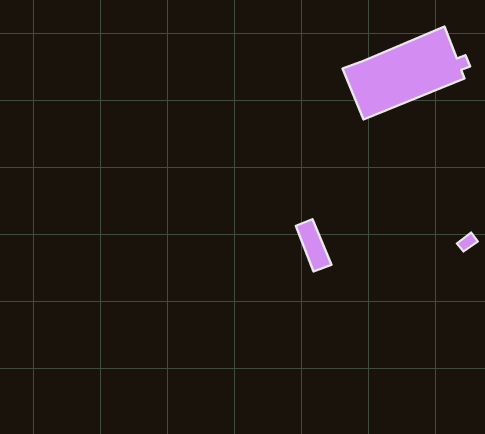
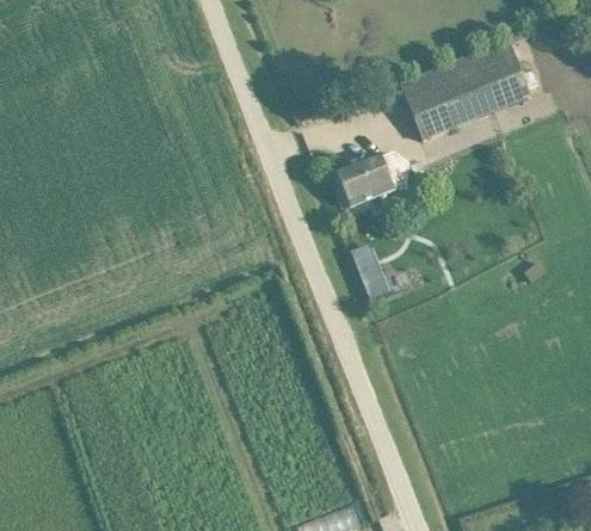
building: none -> [337,153,408,208]

